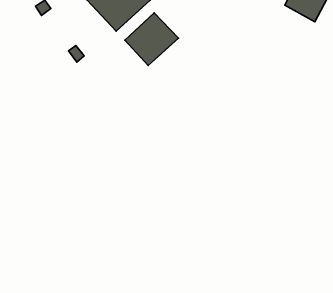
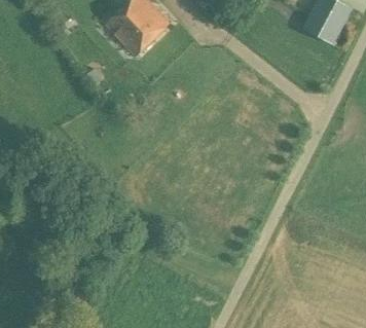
building: [125,13,178,66] -> none

